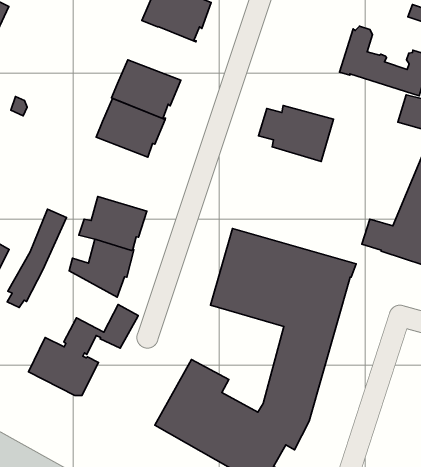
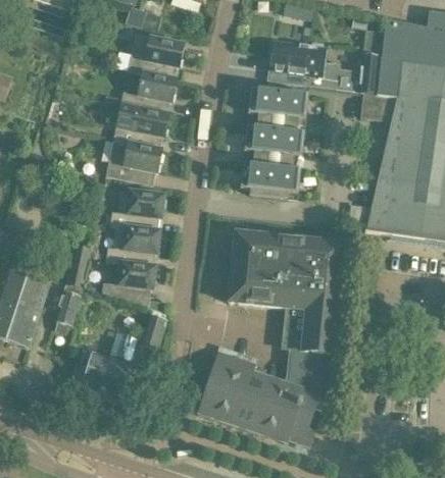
building: none -> [268,40,308,83]
building: none -> [105,71,177,113]
building: none -> [248,87,308,123]
building: none -> [241,156,301,198]
building: none -> [110,189,164,229]

